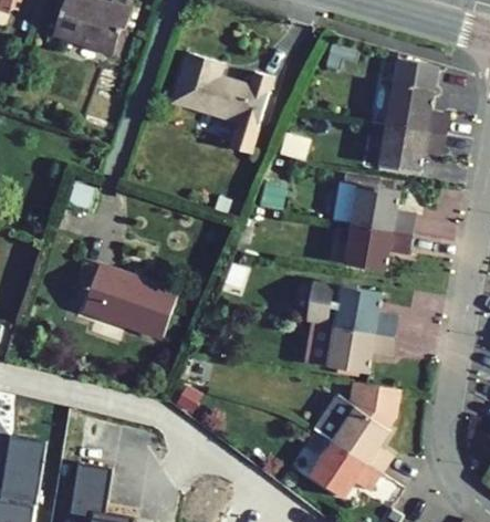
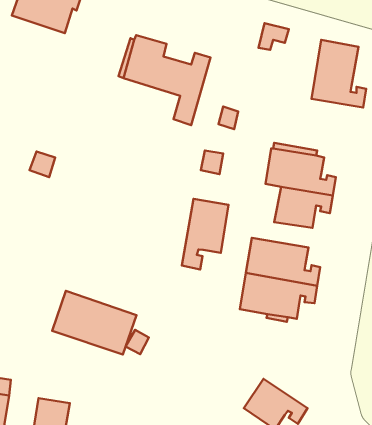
building: [376,126,442,174] -> none
building: none -> [182,199,229,269]
building: [82,267,177,338] -> [52,291,136,354]
building: [313,383,399,476] -> none

